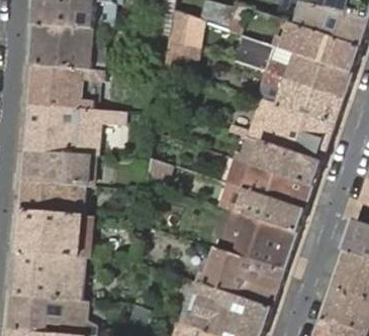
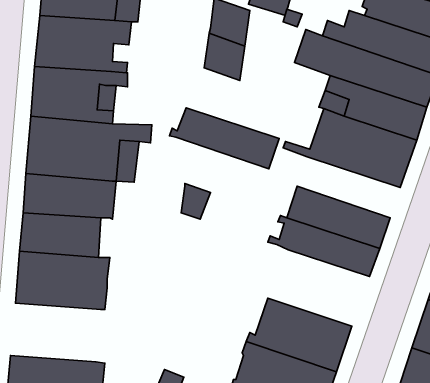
building: [233,137,319,186] -> [170,108,279,169]
building: [214,211,295,271] -> none
building: [10,253,82,300] -> none

